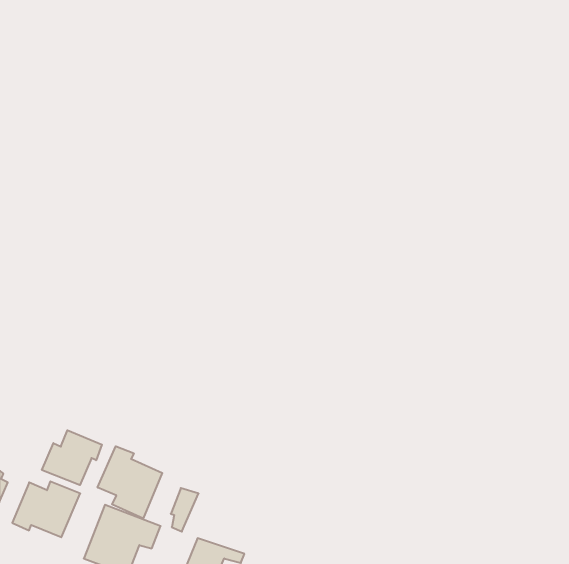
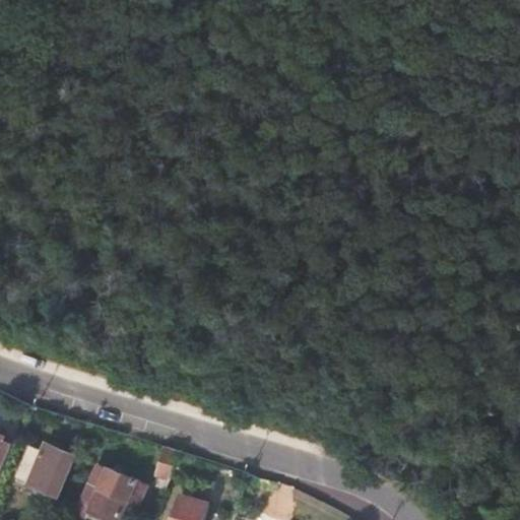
building: [42,430,102,485] -> none
building: [98,446,162,518] -> none

